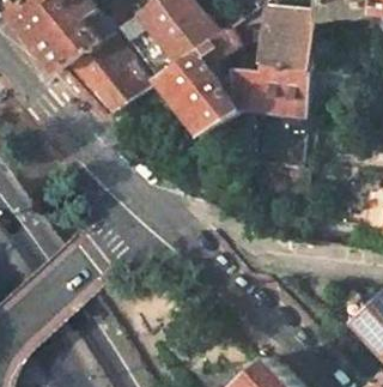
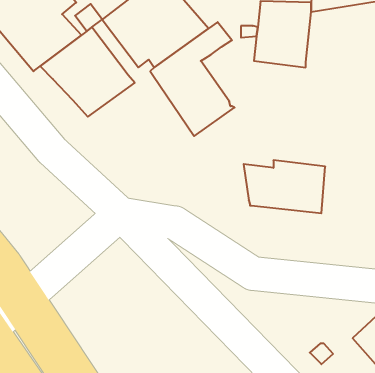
building: [232,65,308,114] -> [244,160,325,213]

